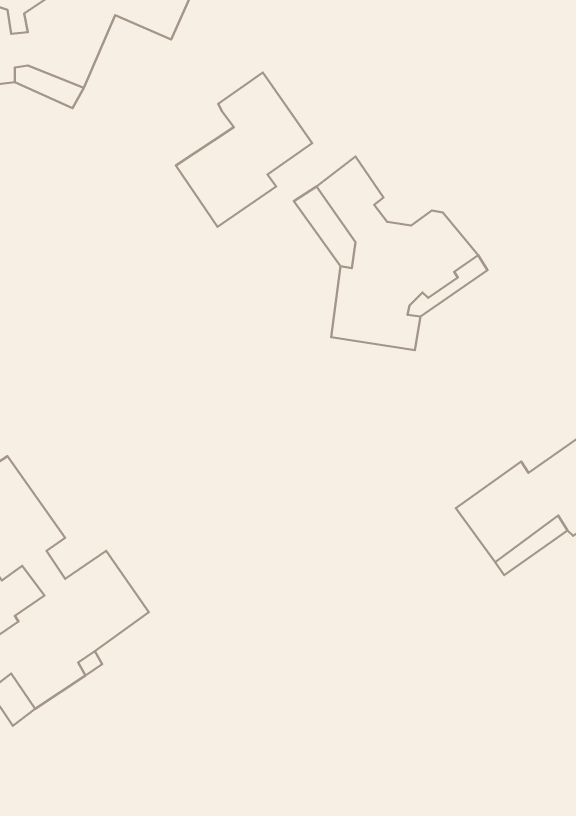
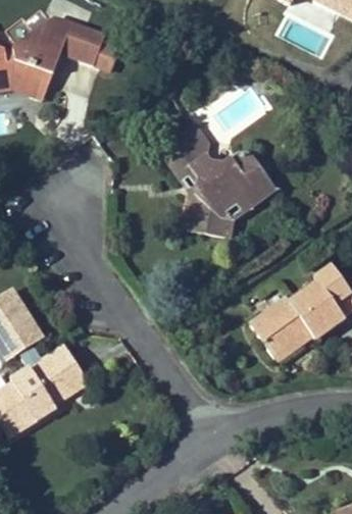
building: [176,72,312,227] -> none

